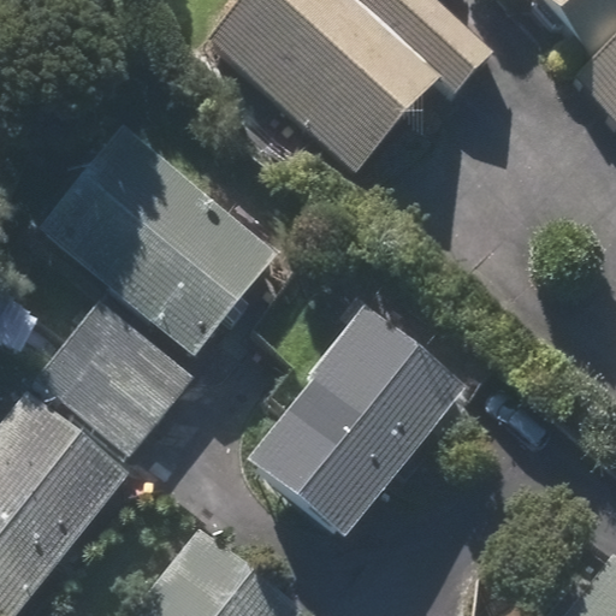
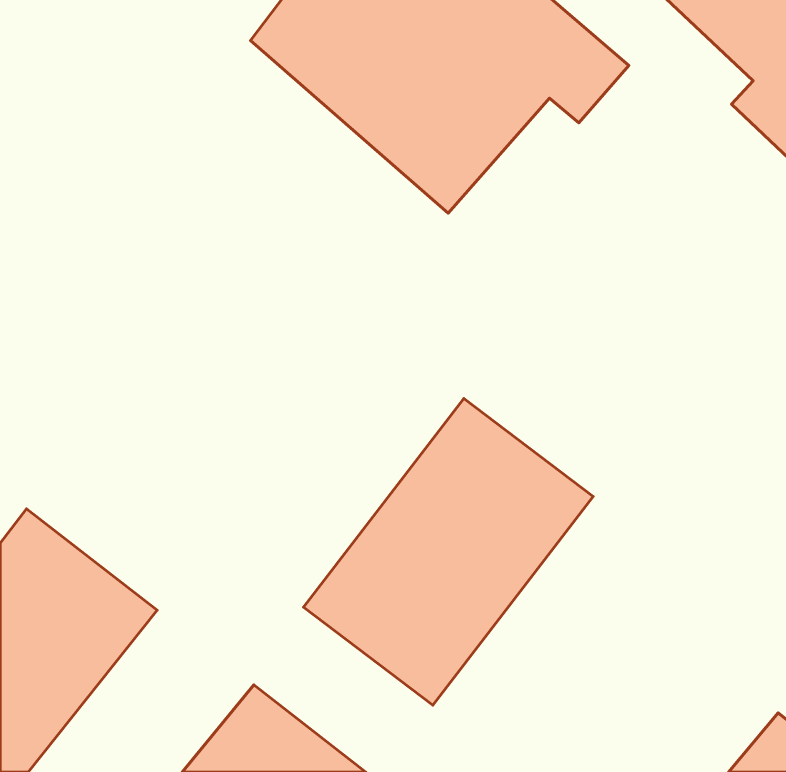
building: [32,120,278,355] -> none
building: [34,301,189,454] -> none

